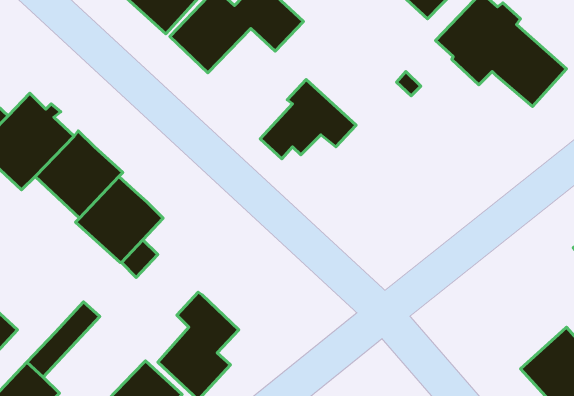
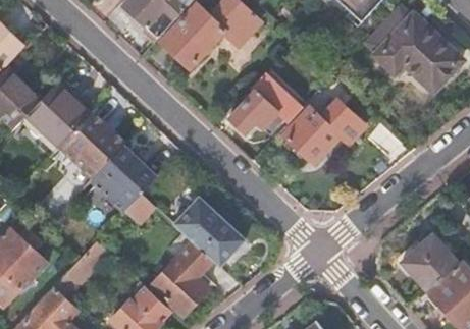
building: none -> [284,99,366,162]
building: none -> [171,194,255,267]
building: none -> [402,234,459,291]

